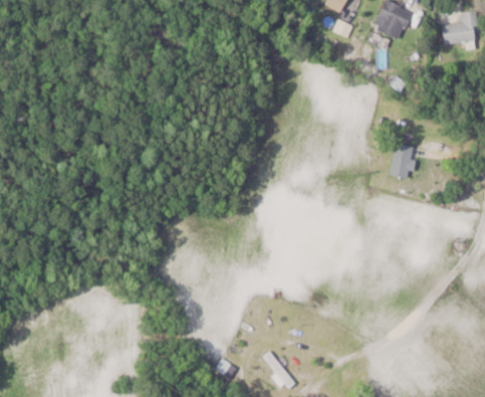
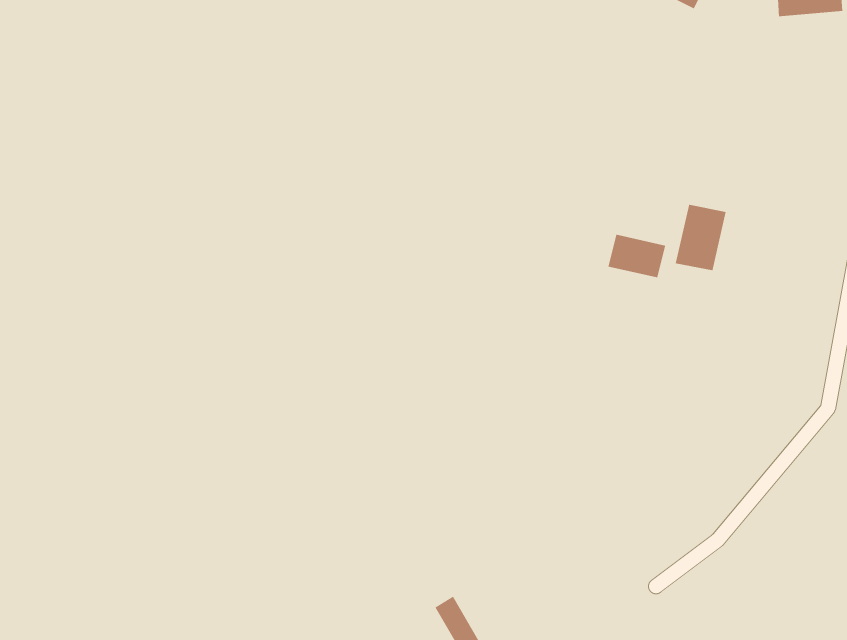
building: none -> [608,234,666,278]

